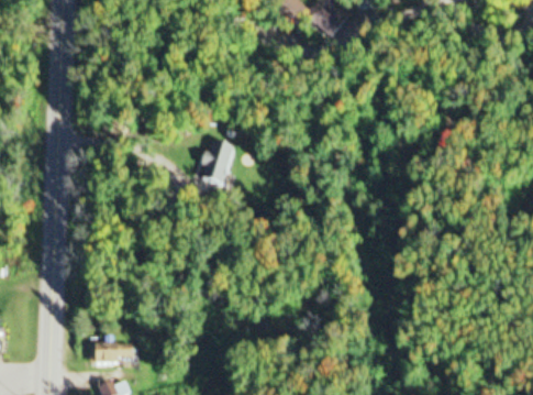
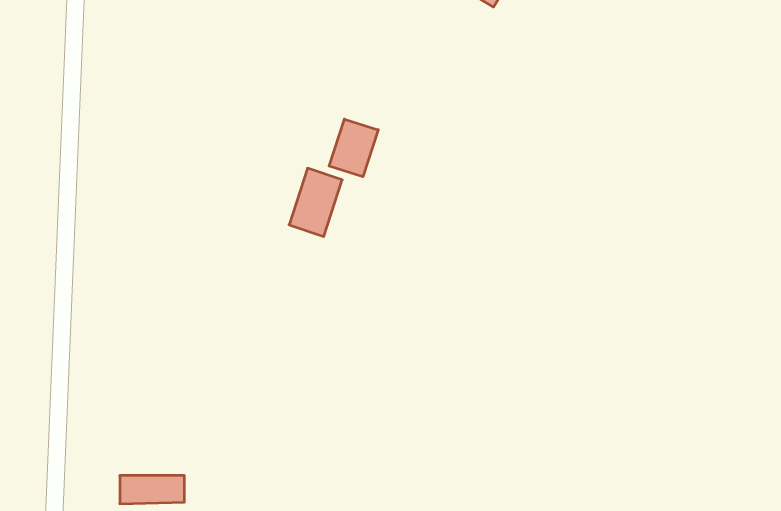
building: none -> [329,119,378,177]

